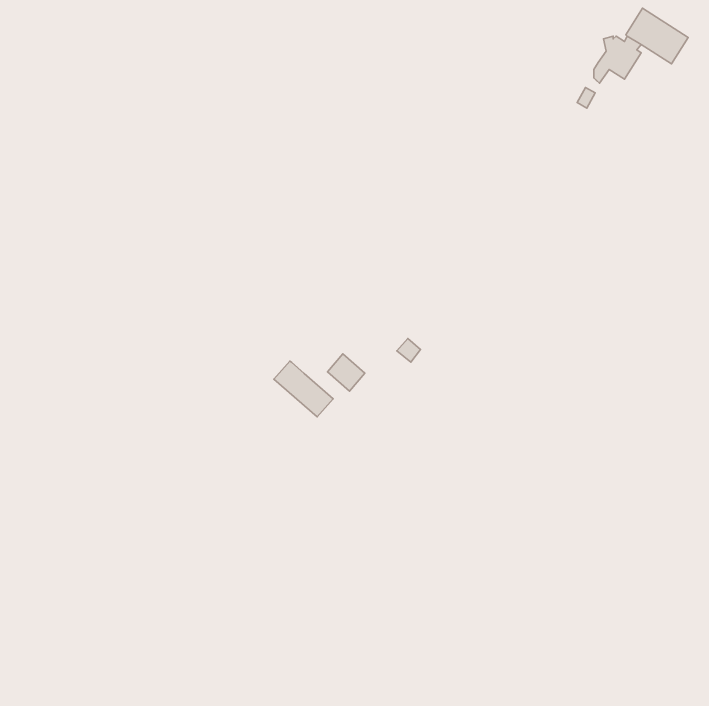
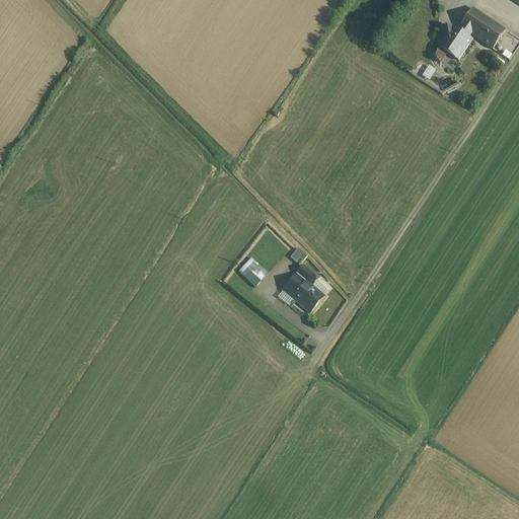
building: [274,361,333,417] -> none
building: none -> [283,266,325,312]

